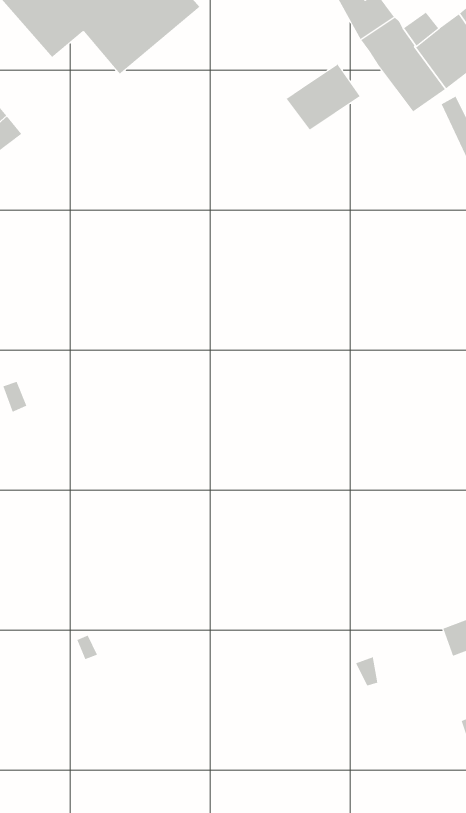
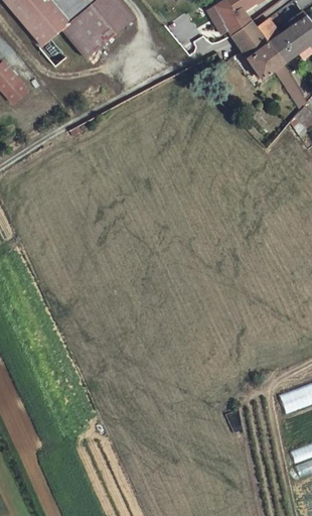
building: [286,63,361,130] -> none

